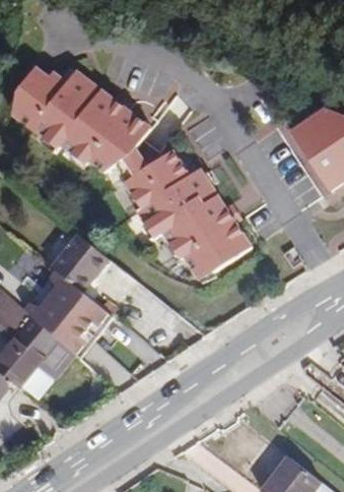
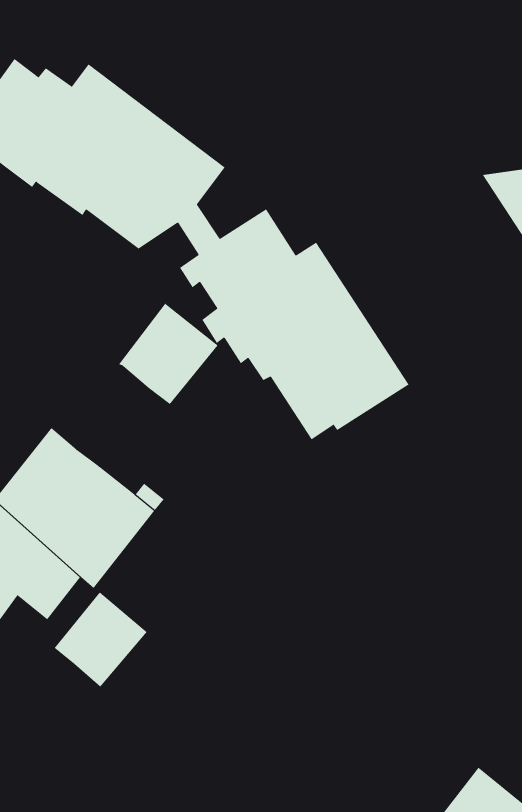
building: [53,235,108,291] -> [118,303,219,405]
building: none -> [54,592,148,688]

